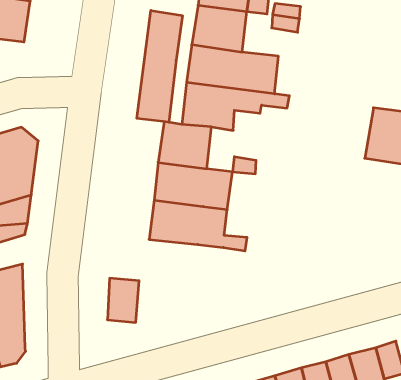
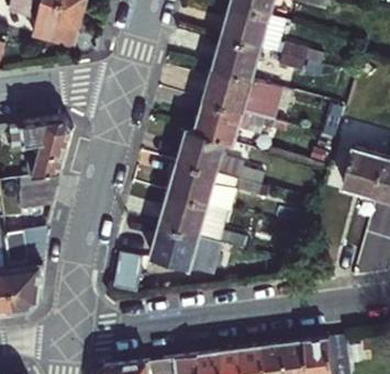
building: [137,10,182,122] -> none
building: none -> [145,224,231,265]

